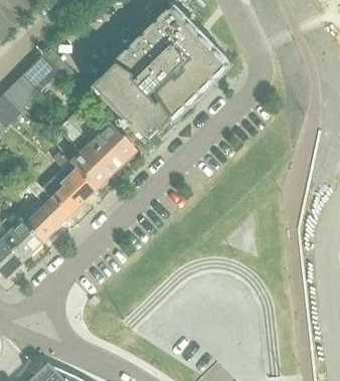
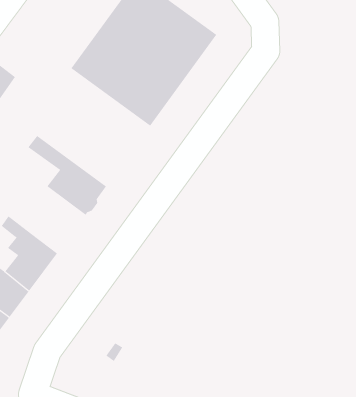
building: [89,72,159,144] -> none
building: [68,113,137,170] -> none
building: [42,152,97,216] -> none

